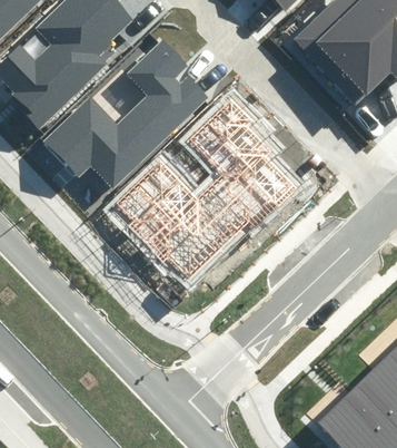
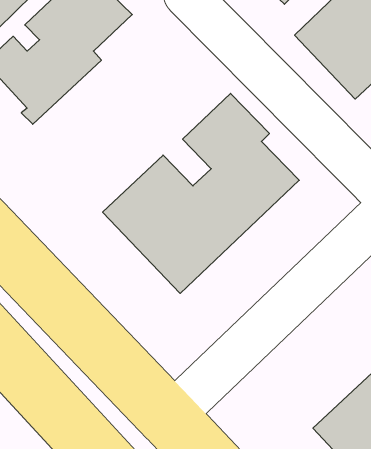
building: [43,38,207,186] -> none

